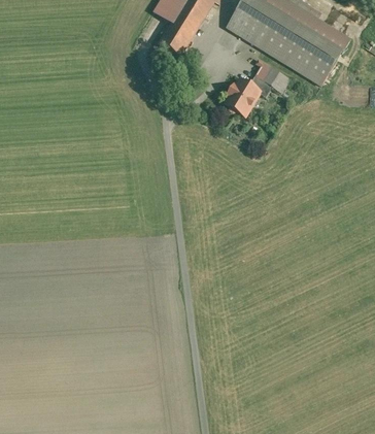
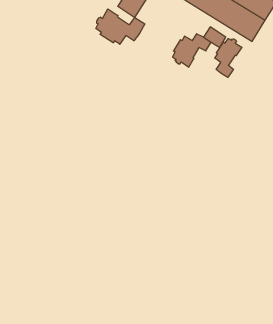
building: none -> [96,9,145,44]
building: none -> [215,39,242,77]

